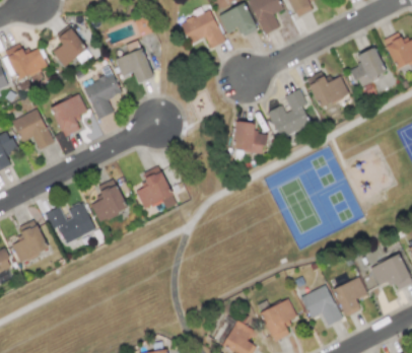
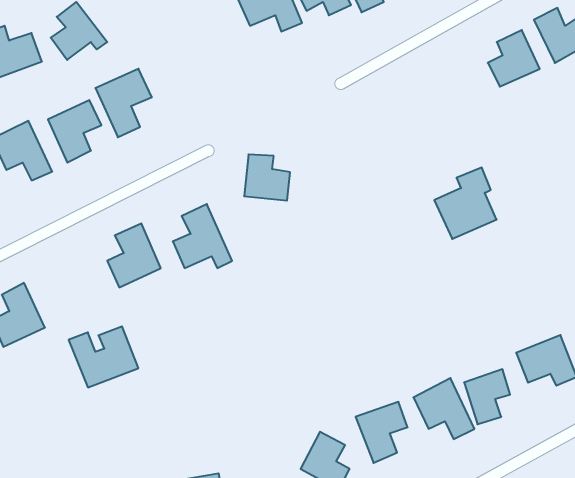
building: [116,40,153,83] -> none
building: [307,72,349,107] -> none
building: [268,89,311,138] -> [434,167,497,239]
building: [234,122,266,153] -> [244,154,290,201]
building: [48,203,95,244] -> [69,326,138,387]

